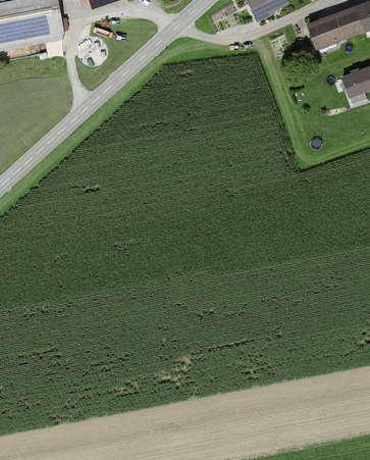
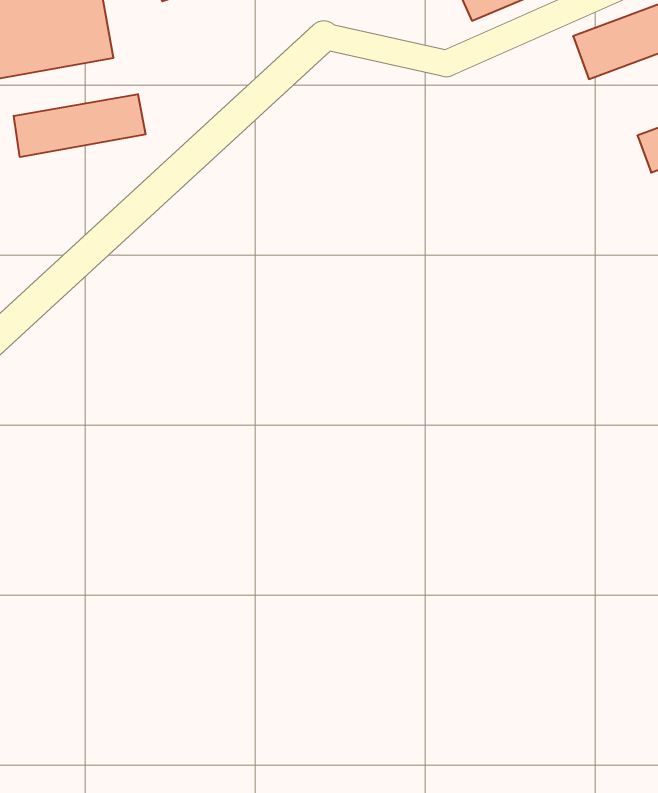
building: none -> [14,94,146,157]

